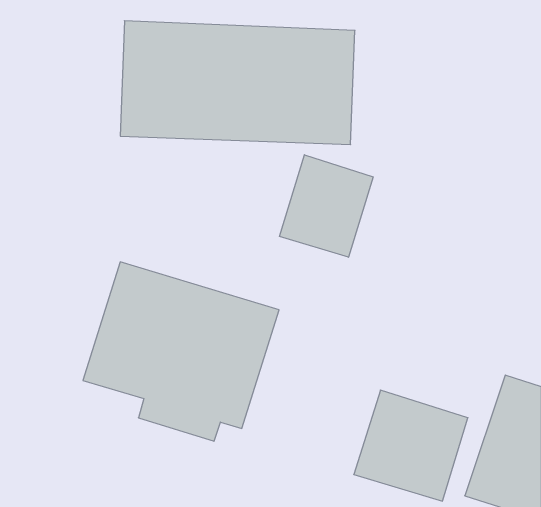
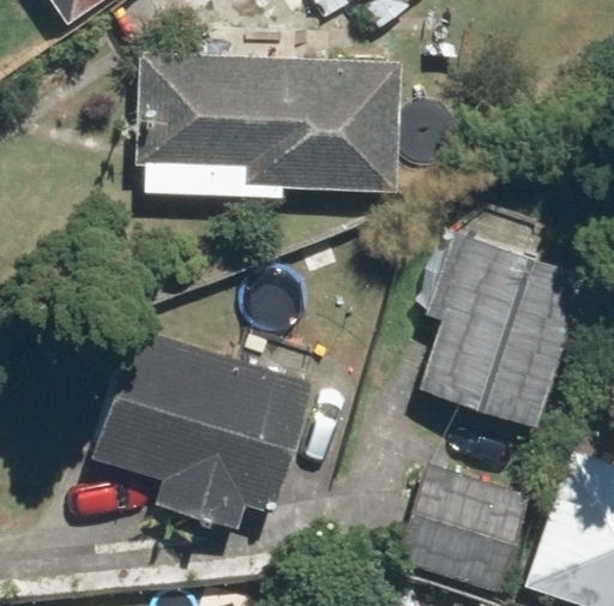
building: [280,155,373,257] -> none
building: none -> [421,233,586,425]

